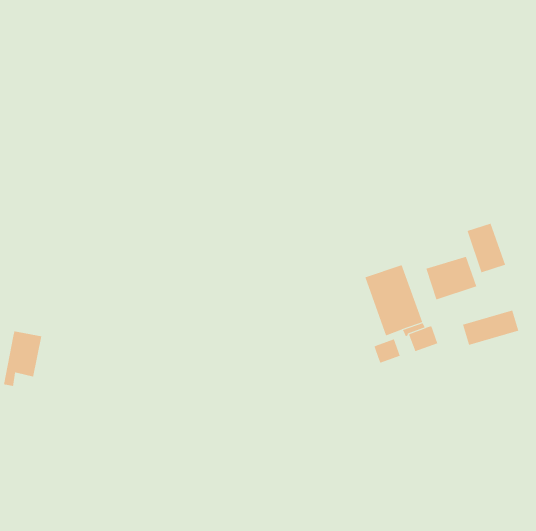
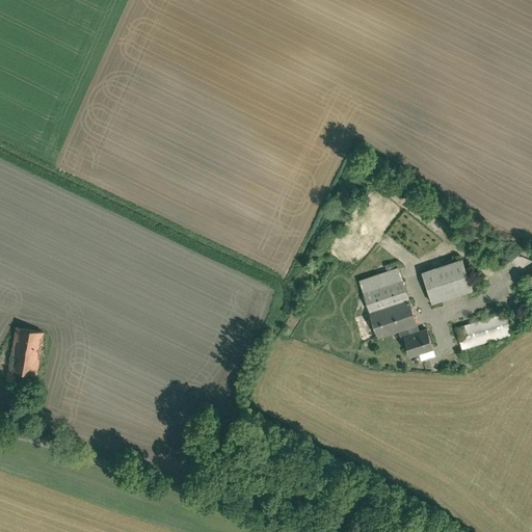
building: [467,223,506,273] -> none
building: [374,339,400,364] -> none

